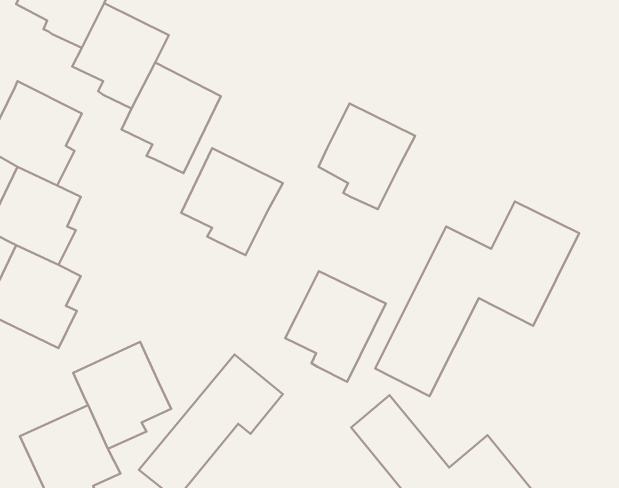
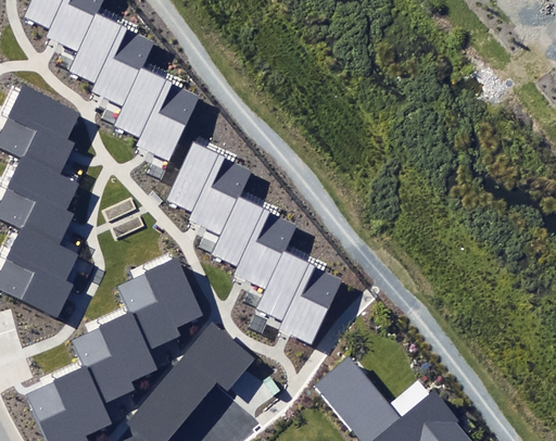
building: [318,104,415,209] -> [215,197,300,289]
building: [375,201,579,396] -> none
building: none -> [119,260,202,348]

